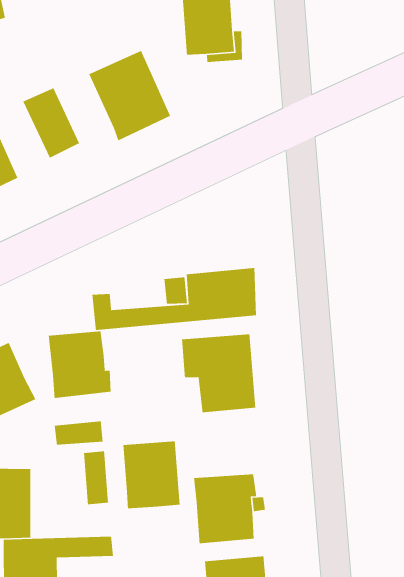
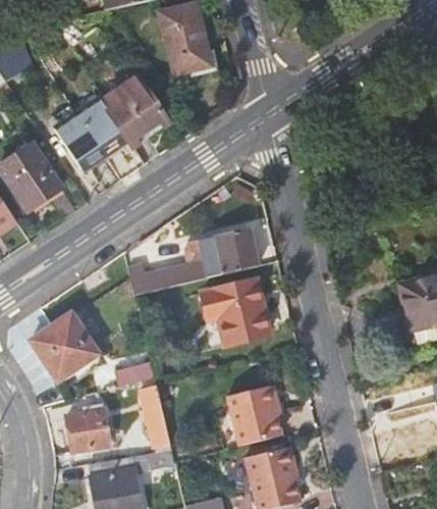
building: none -> [76,98,126,153]
building: [48,330,112,399] -> none
building: [122,440,180,509] -> none

